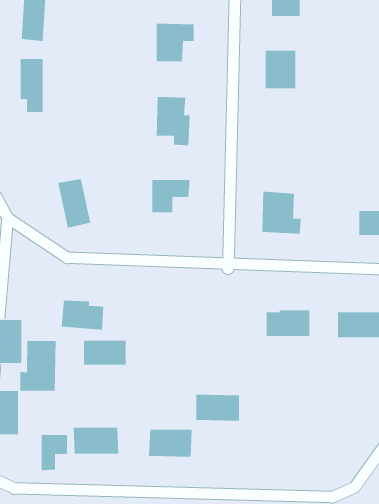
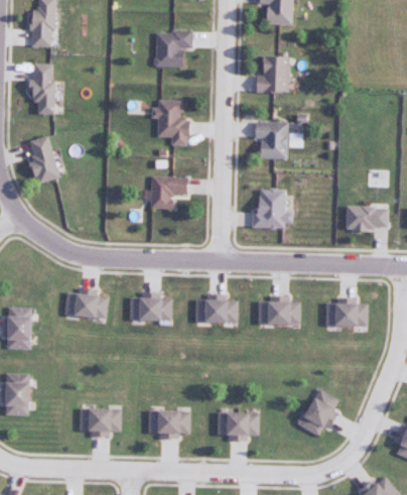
building: none -> [254,122,289,159]
building: [58,179,91,228] -> [25,137,56,183]
building: none -> [196,297,237,323]
building: [20,340,56,392] -> none
building: [83,340,126,365] -> [132,297,172,321]
building: [196,394,240,421] -> [218,413,259,439]
building: none -> [296,388,342,439]
building: [41,434,67,471] -> none

